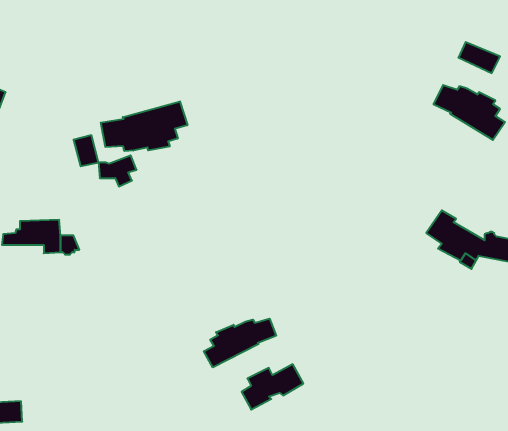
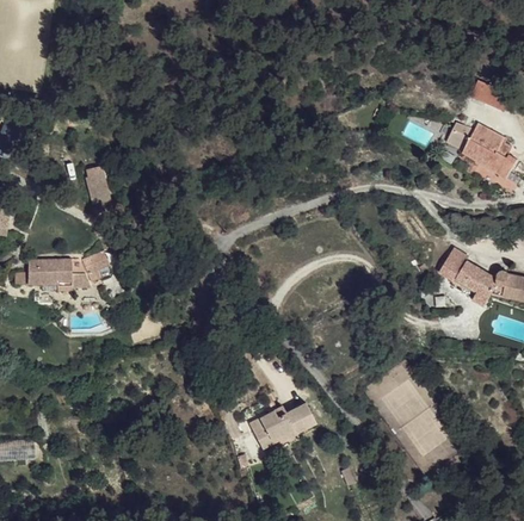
building: [101,101,187,151] -> none
building: [99,155,137,186] -> [72,252,110,283]
building: [204,319,276,367] -> none

